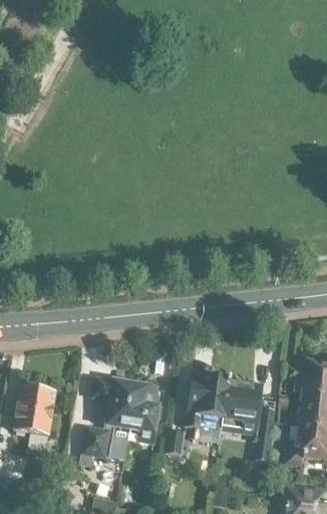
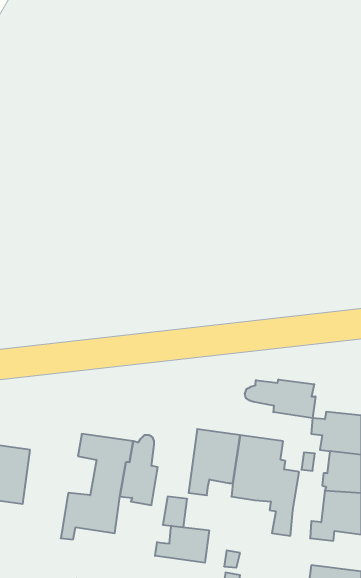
building: none -> [245,379,315,418]
building: none -> [155,526,209,563]

